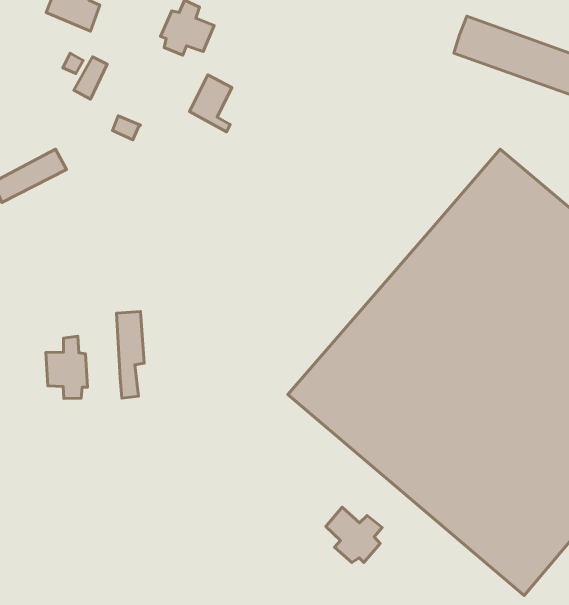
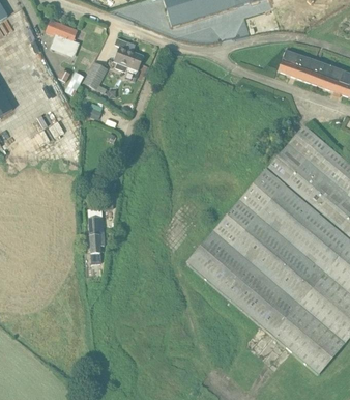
building: [190,75,232,132] -> [84,60,108,92]
building: [46,336,87,398] -> none
building: [326,507,382,562] -> none

